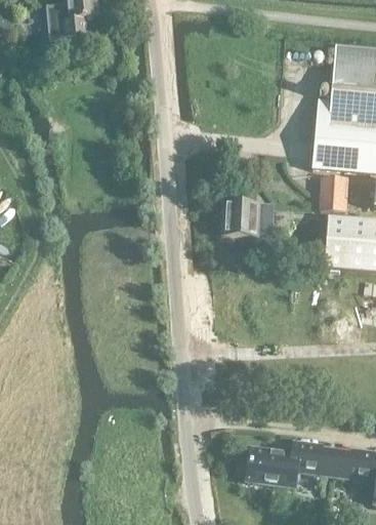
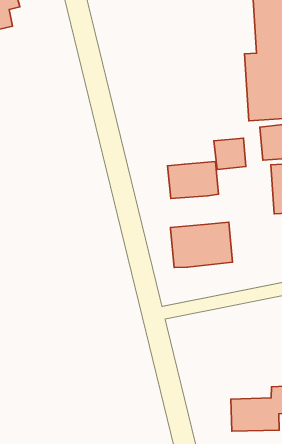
building: none -> [214,138,246,169]
building: none -> [170,222,232,268]

